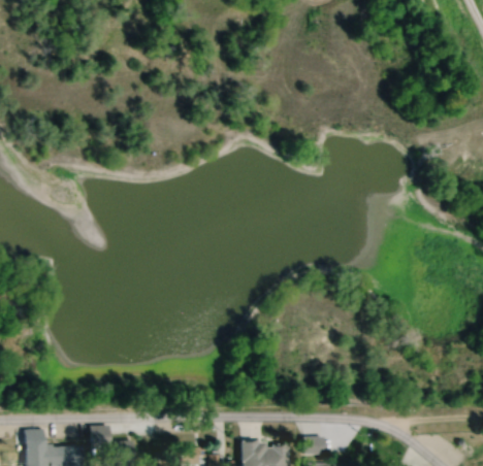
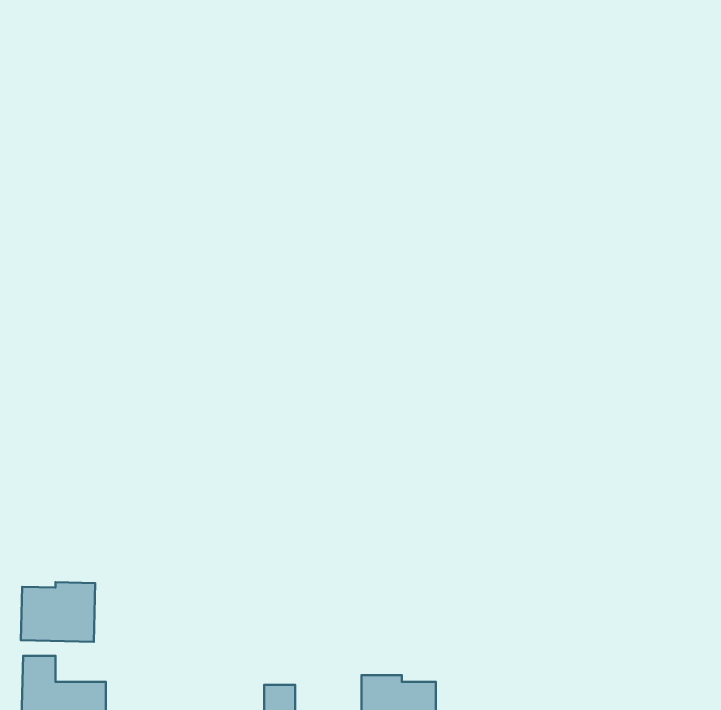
building: none -> [21,582,95,642]

